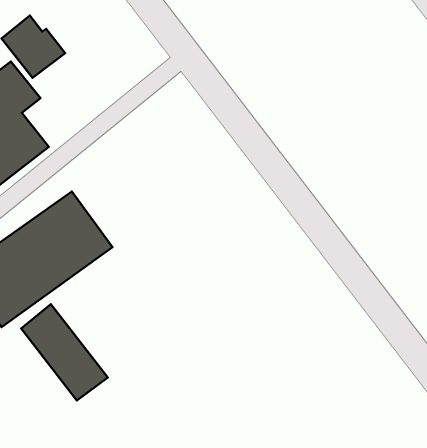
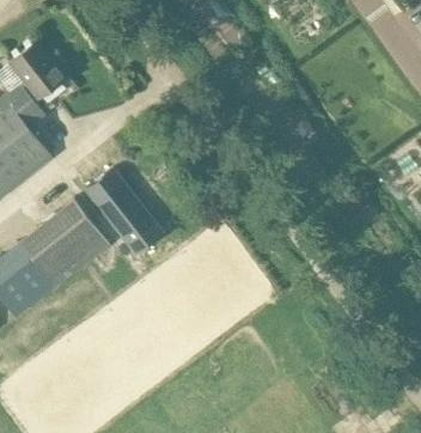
building: [21,304,108,401] -> [86,169,163,254]

